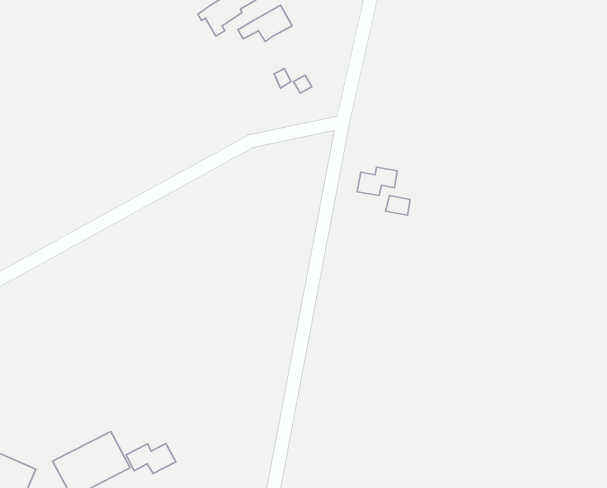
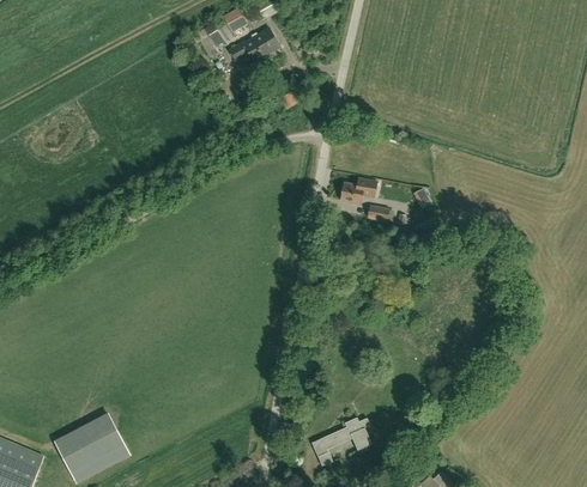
building: none -> [311,416,373,465]
building: [126,444,176,473] -> none

